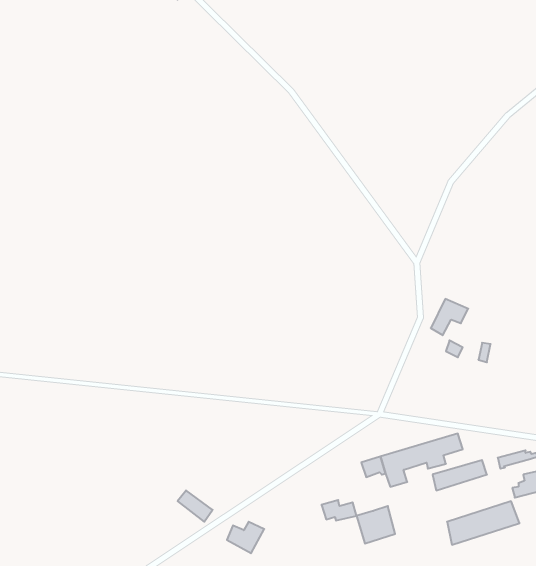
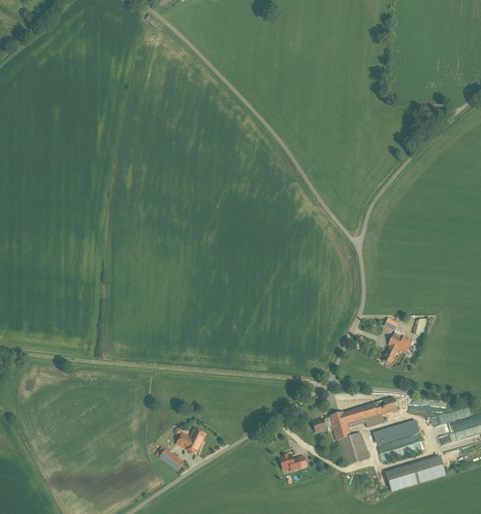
building: [431,299,468,335] -> [381,333,413,364]
building: [356,506,395,544] -> [336,433,370,465]
building: [227,522,264,553] -> [175,427,207,454]

